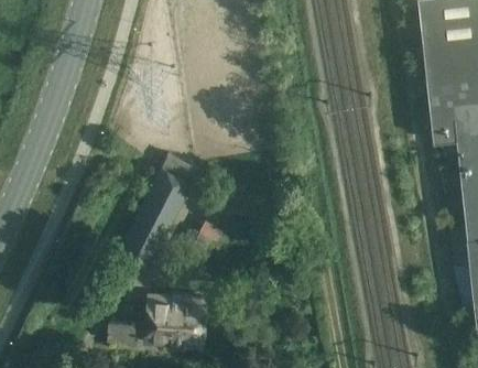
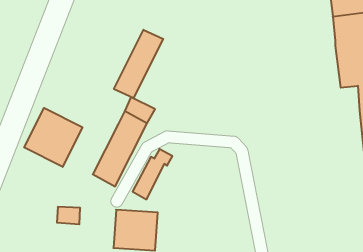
building: none -> [114,30,163,98]
building: none -> [24,108,82,167]
building: [107,324,137,346] -> [57,207,80,224]

